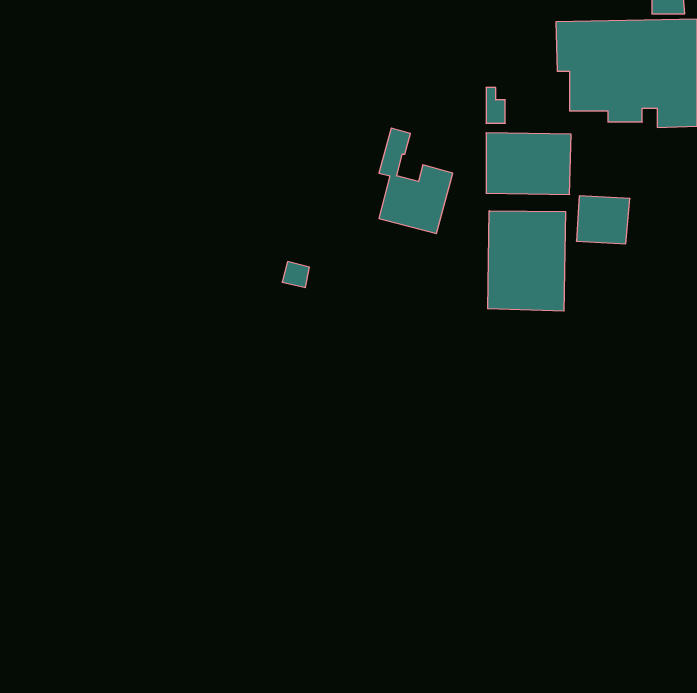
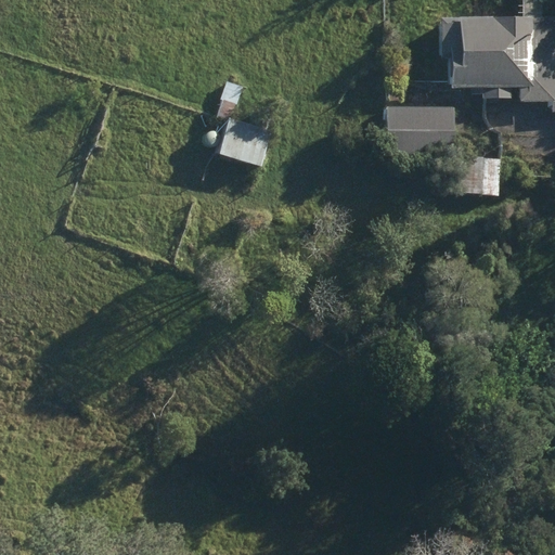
building: [379,128,453,233] -> [215,80,273,164]
building: [488,211,566,311] -> none

